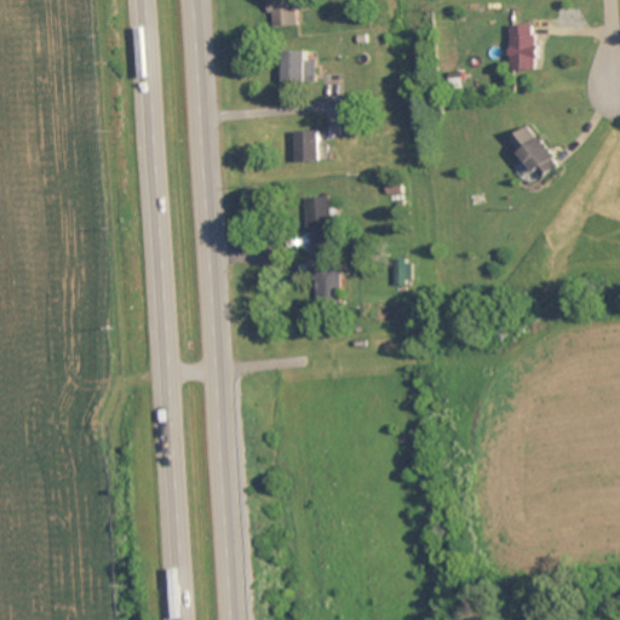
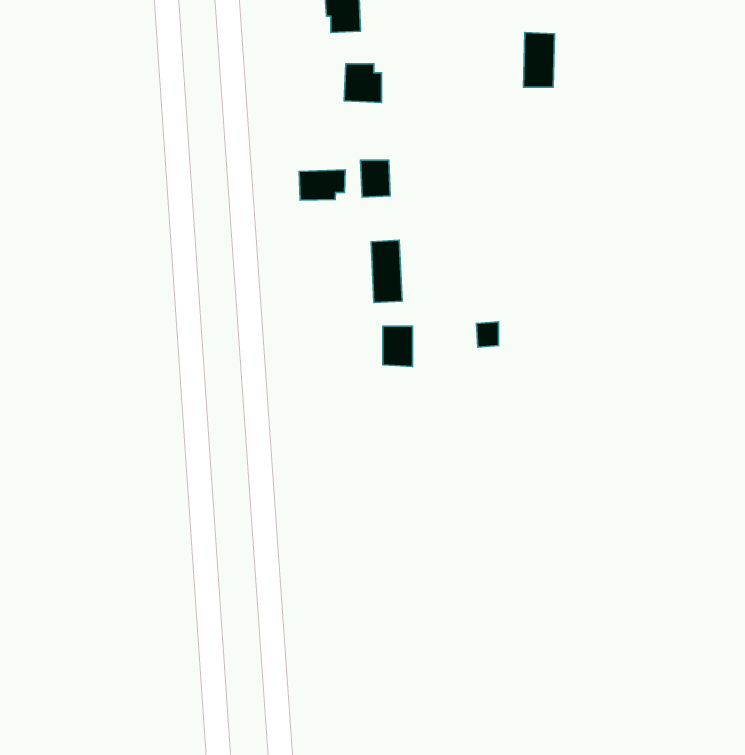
building: [507,24,533,69] -> [523,32,555,87]
building: [507,126,558,179] -> none
building: none -> [299,170,345,200]

